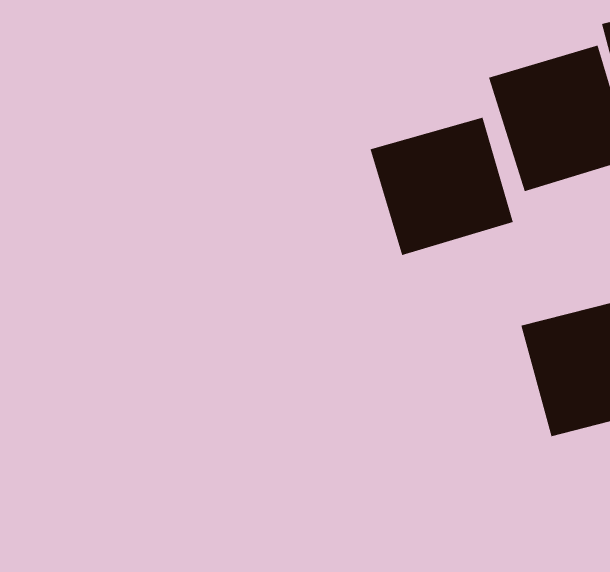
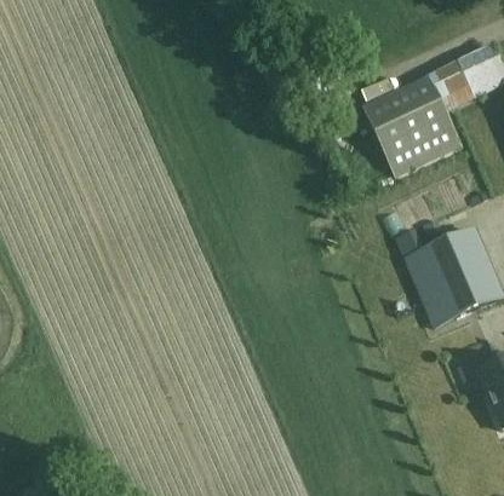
building: [370,117,514,256] -> none

